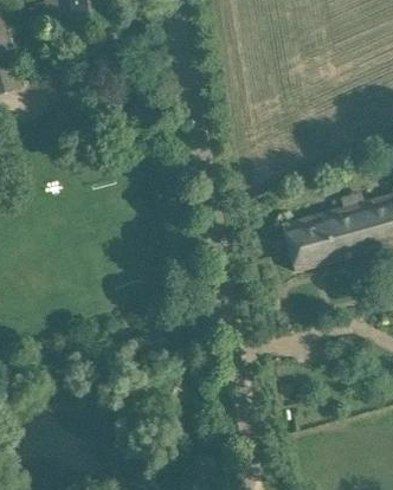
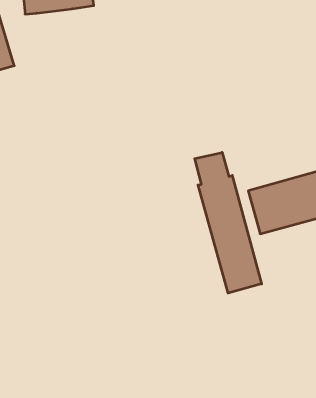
building: none -> [195,152,262,293]

